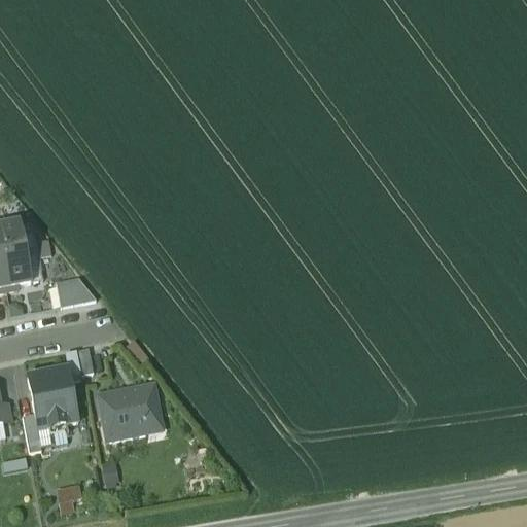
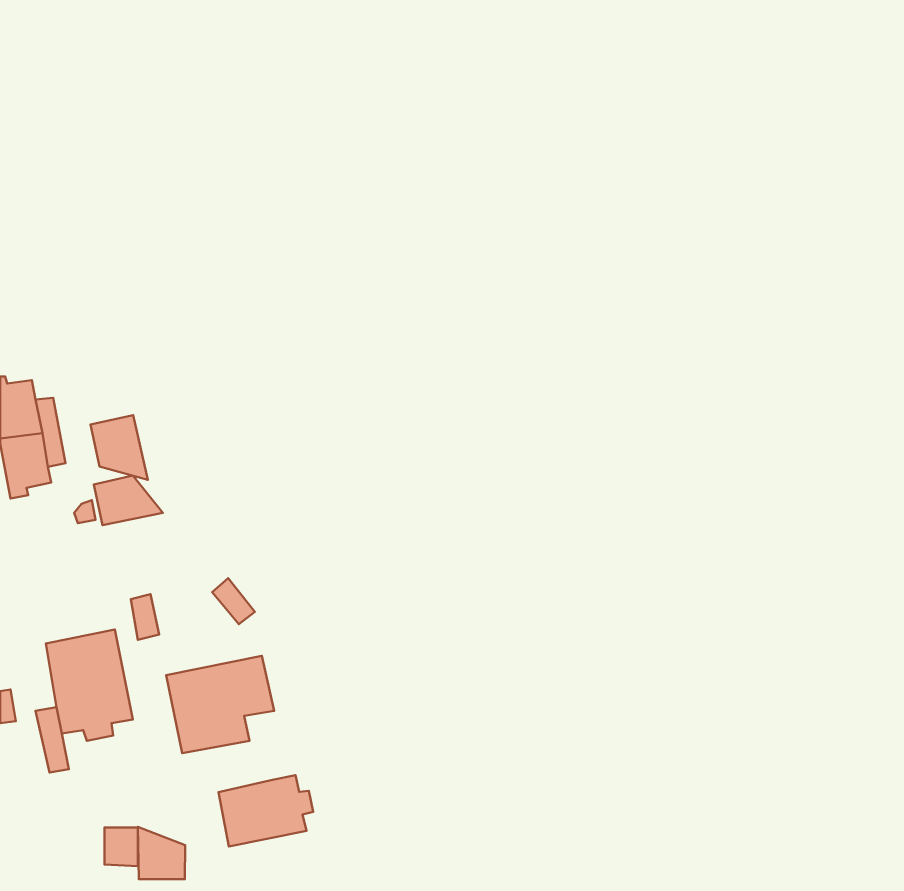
building: none -> [91,415,148,480]
building: none -> [218,775,313,847]
building: none -> [138,827,185,879]

